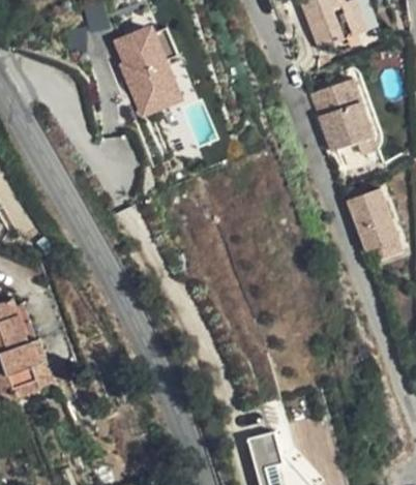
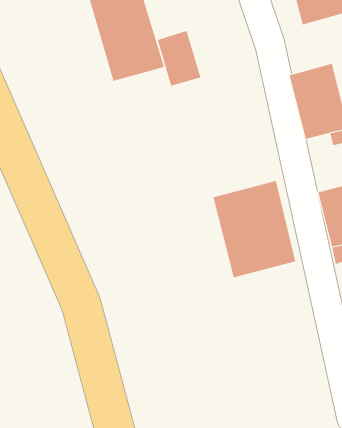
building: none -> [157,30,201,87]
building: none -> [213,180,296,278]

